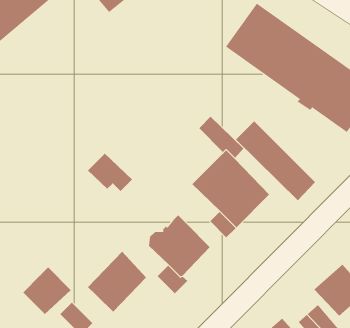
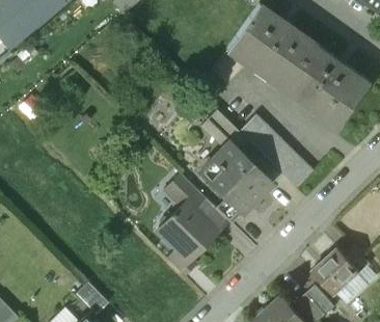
building: [87,153,133,192] -> [162,171,205,208]
building: [87,251,147,312] -> none
building: [22,267,71,315] -> none

